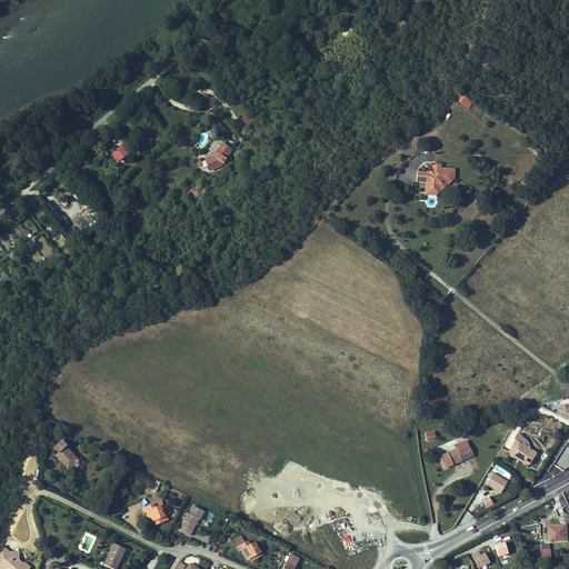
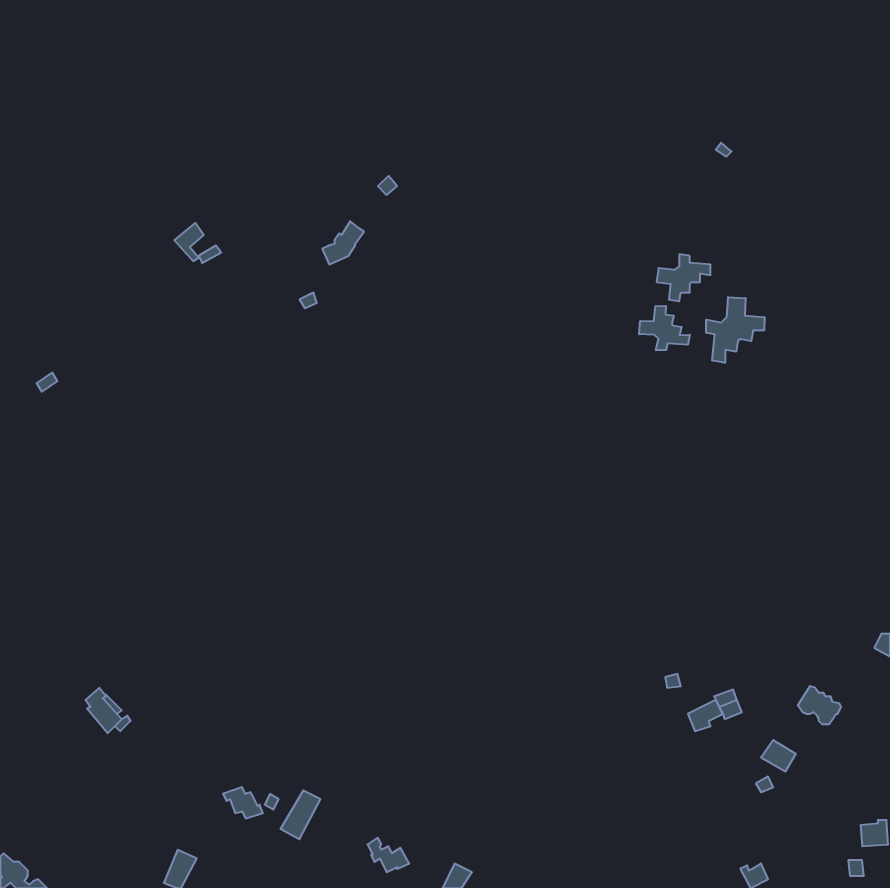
building: none -> [706,297,764,363]
building: none -> [639,306,690,350]

